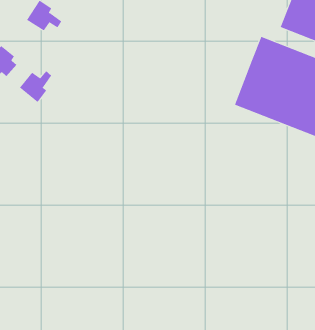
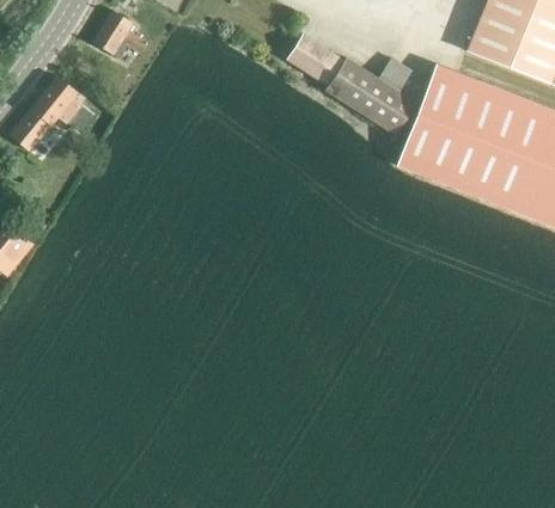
building: none -> [287,35,429,135]
building: [19,71,52,103] -> none

